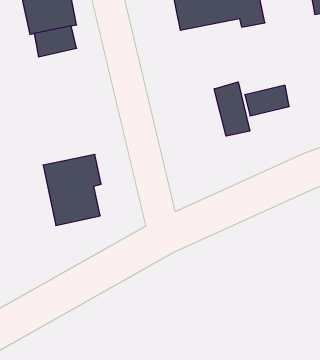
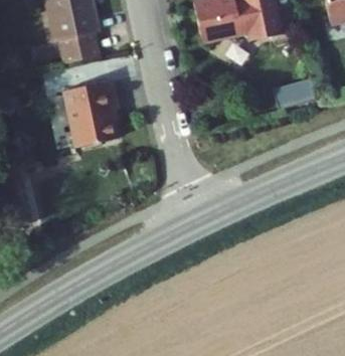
building: [214,82,250,136] -> none
building: [43,154,101,225] -> [64,80,120,148]

